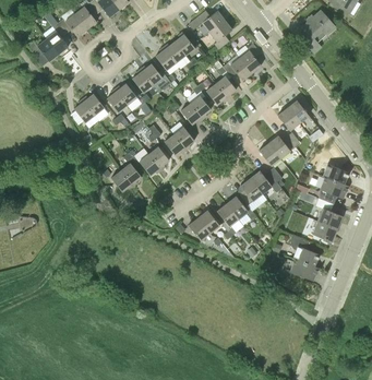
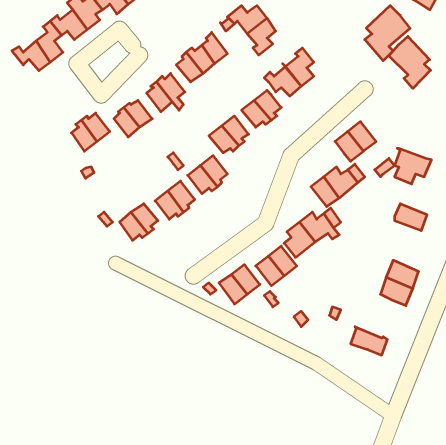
building: none -> [389,36,431,88]
building: [320,176,348,203] -> [395,148,431,184]
building: [290,235,319,266] -> none

